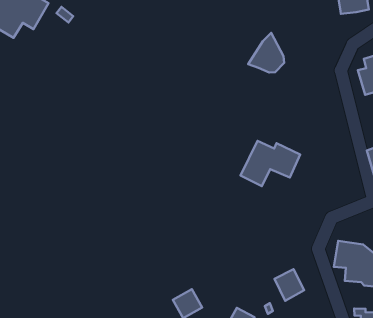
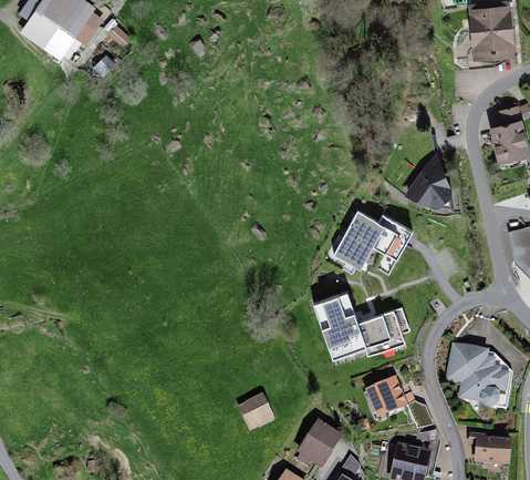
building: none -> [467,48,497,67]
building: [248,33,284,72] -> [405,153,451,204]
building: none -> [314,290,408,357]

